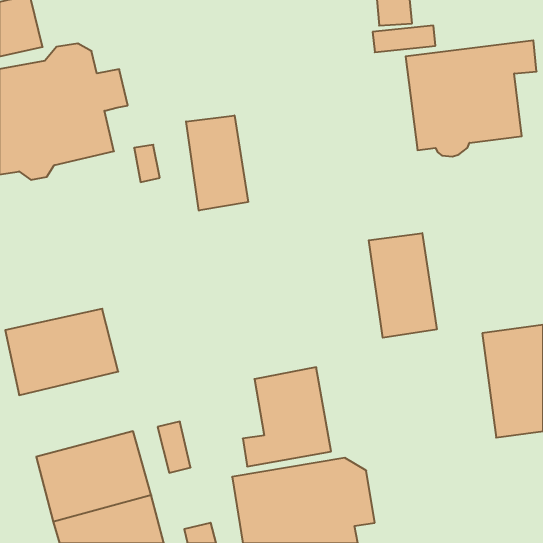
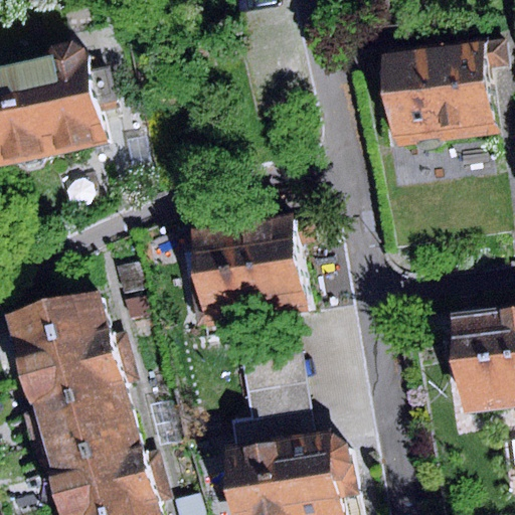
building: [186,115,248,211] -> none
building: none -> [193,219,302,323]
building: [369,233,437,338] -> none
building: none -> [18,351,126,432]

